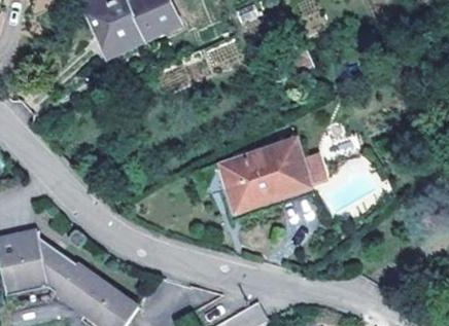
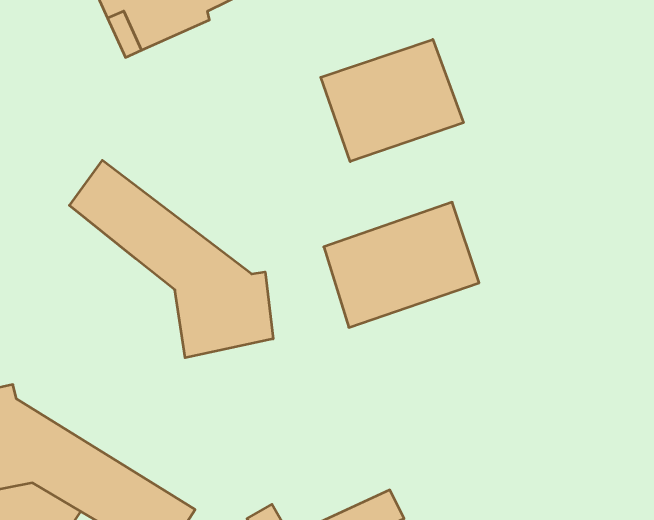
building: none -> [321,39,463,162]
building: none -> [69,160,273,358]

